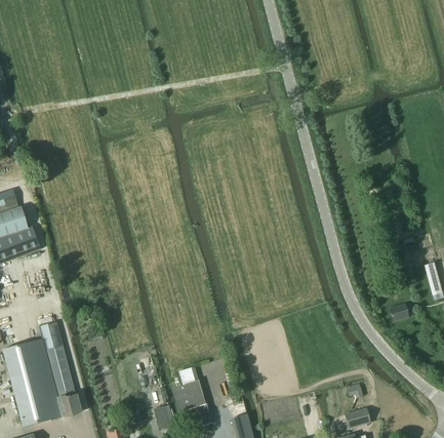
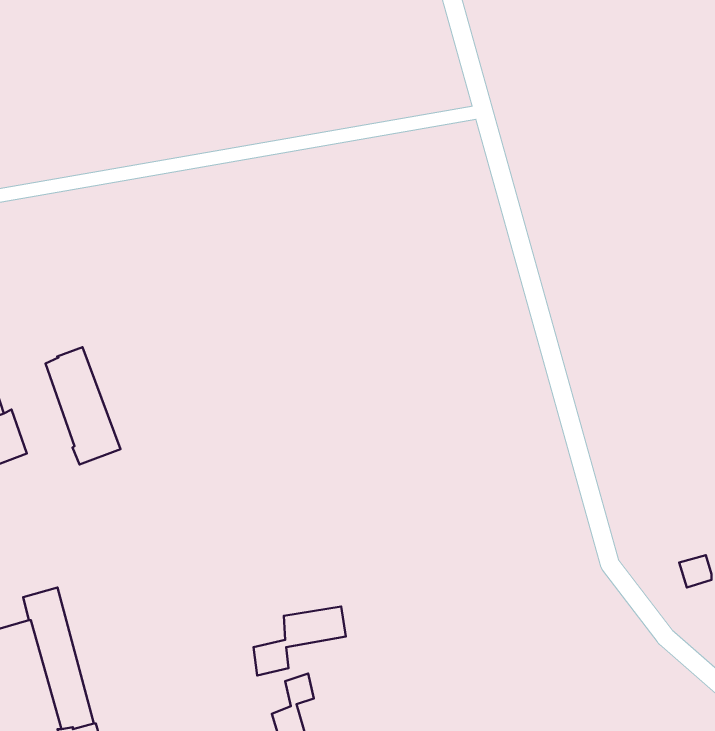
building: none -> [45,347,121,464]
building: none -> [254,606,346,675]

